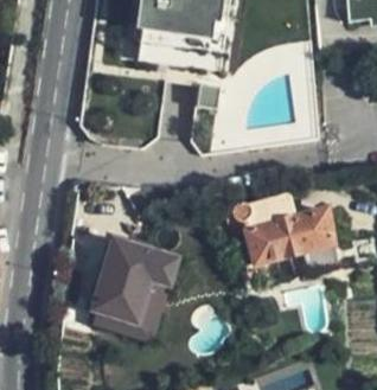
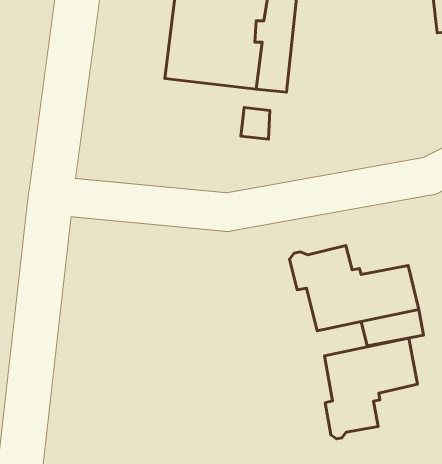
building: [92,235,184,339] -> none
building: none -> [325,338,417,439]

